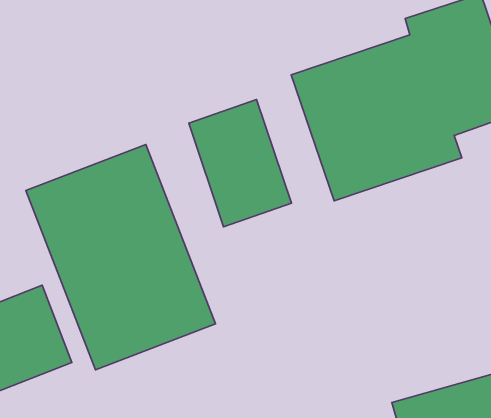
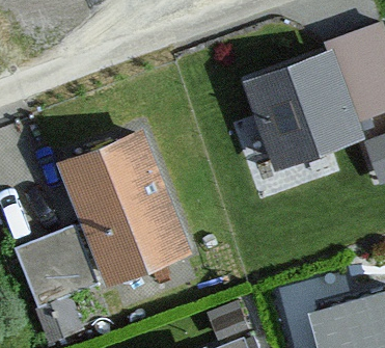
building: [189,100,291,227] -> none

